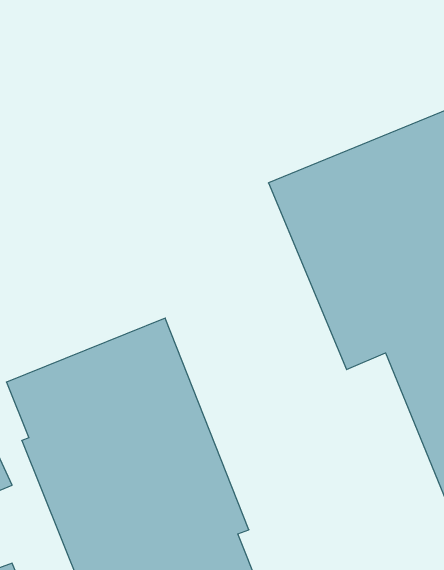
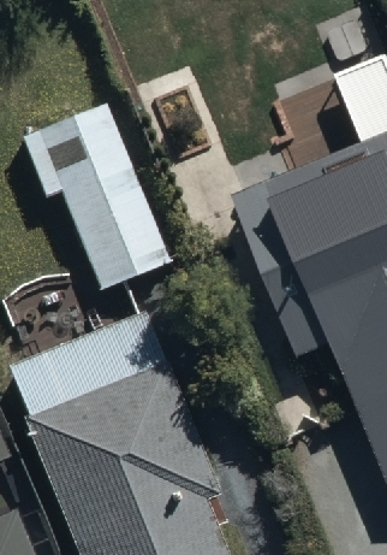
building: none -> [20,106,166,284]

